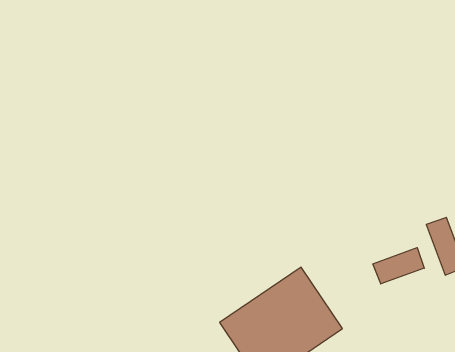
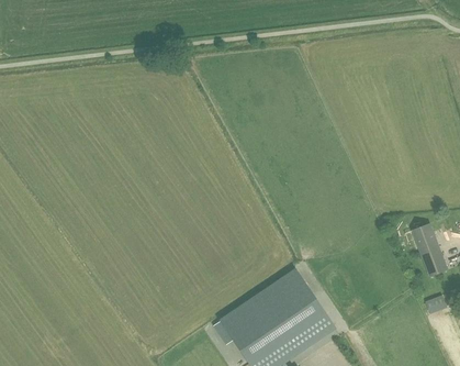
building: [373,248,424,284] -> none

